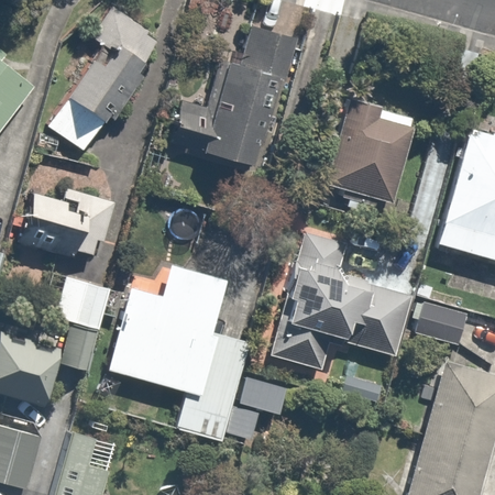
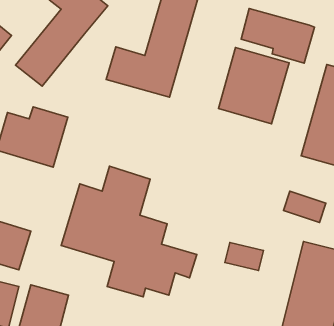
building: none -> [241,9,314,63]
building: [271,231,415,367] -> none
building: [56,276,110,330] -> none

